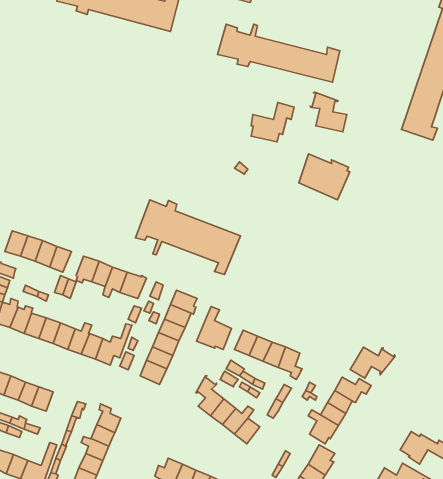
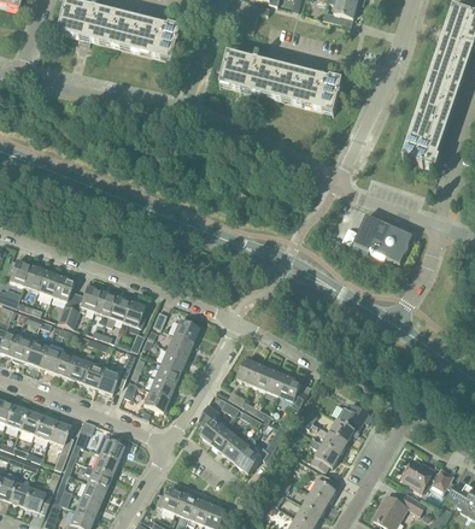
building: [310,92,347,132] -> none
building: [251,103,294,142] -> none
building: [299,154,350,200] -> [363,218,414,264]
building: [135,200,241,274] -> none
building: [197,306,232,349] -> none
building: [350,347,395,378] -> none
building: none -> [49,419,75,469]

